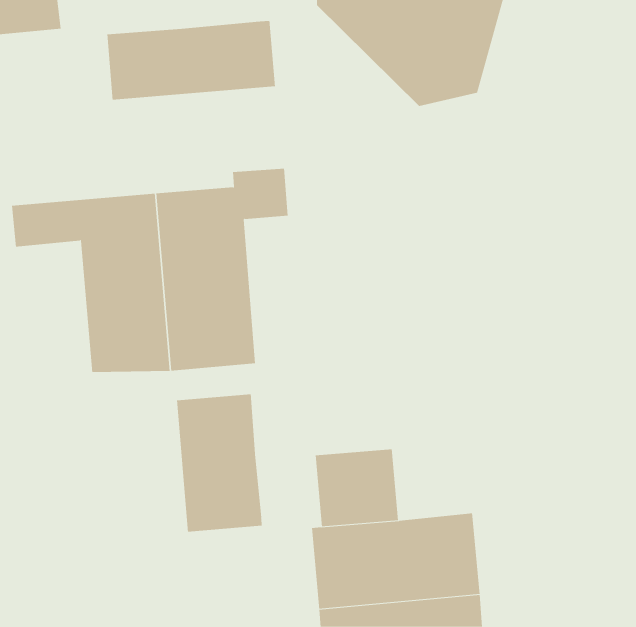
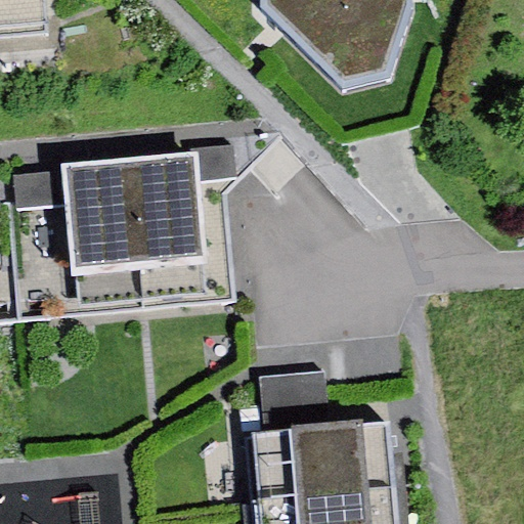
building: [107,20,275,101] -> none
building: [176,393,262,533] -> none

